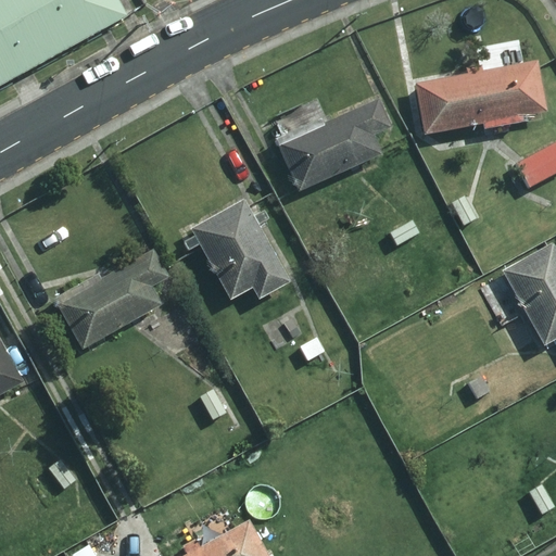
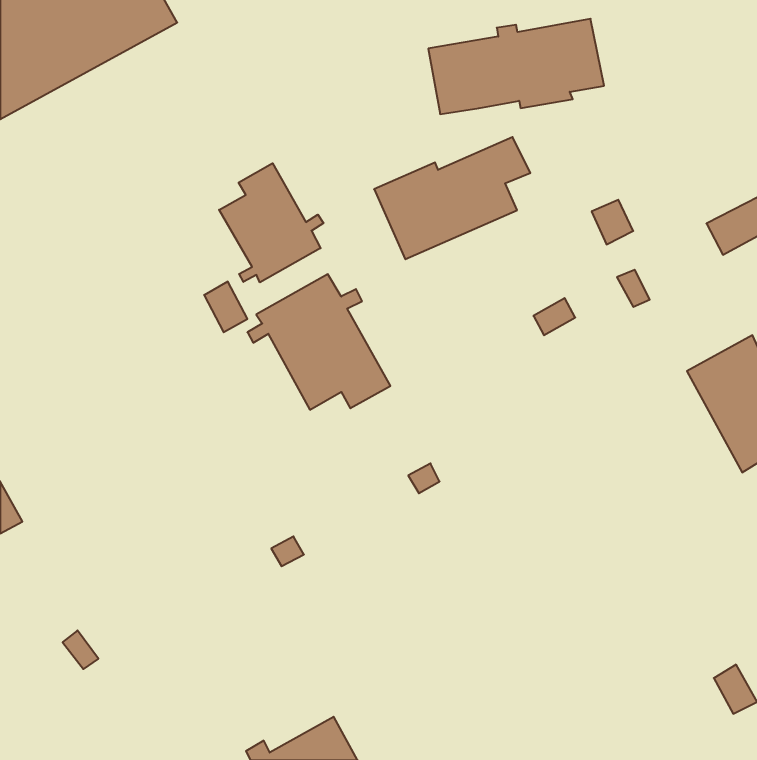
building: [417,62,545,131] -> [428,19,604,114]
building: none -> [219,163,323,282]
building: [54,251,166,346] -> none

